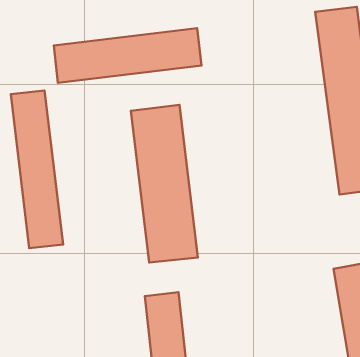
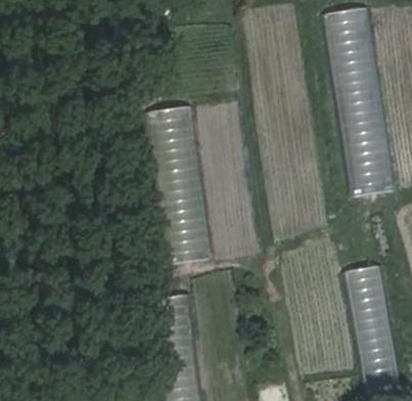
building: [54,28,201,83] -> none
building: [11,90,63,248] -> none

